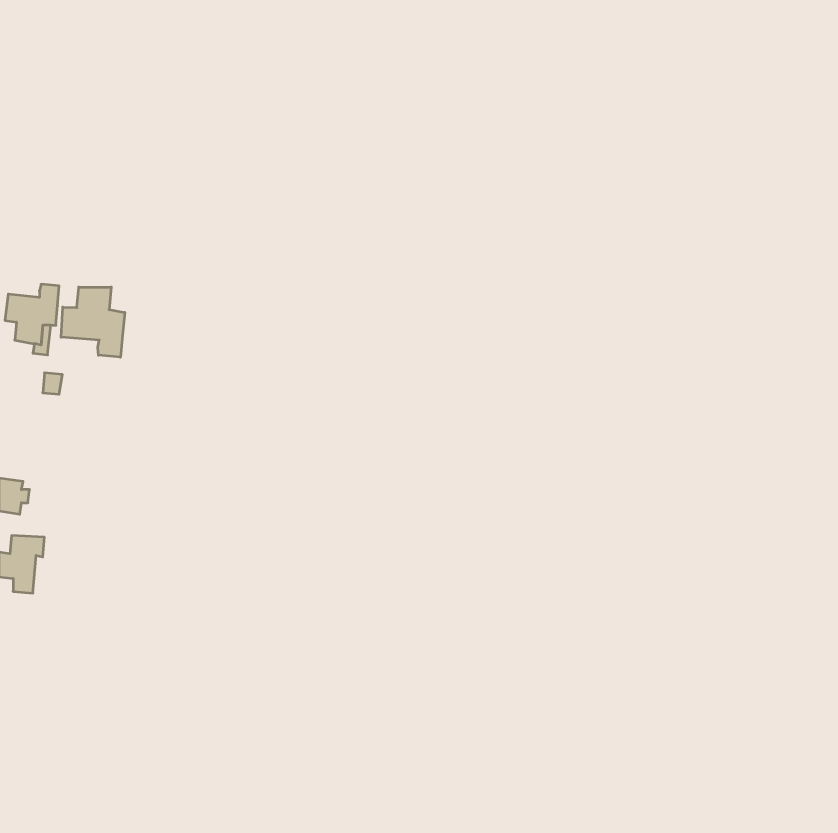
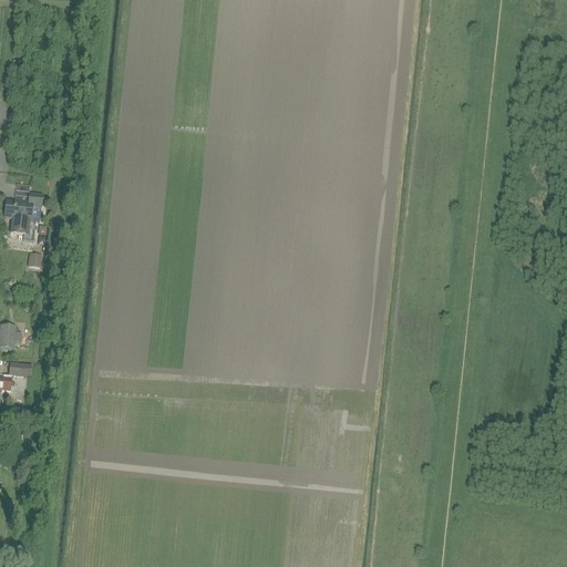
building: [61,287,125,357] -> none

